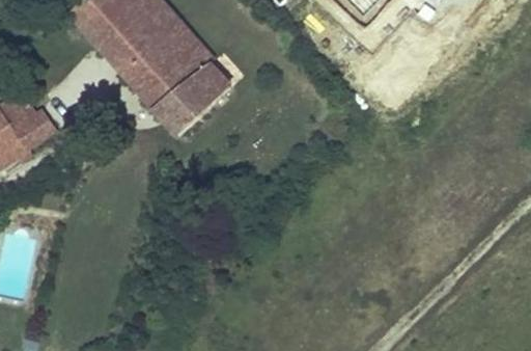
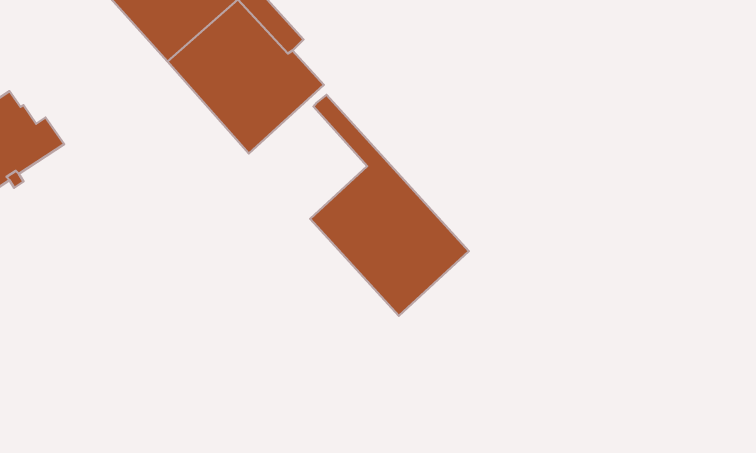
building: none -> [310,95,469,316]

